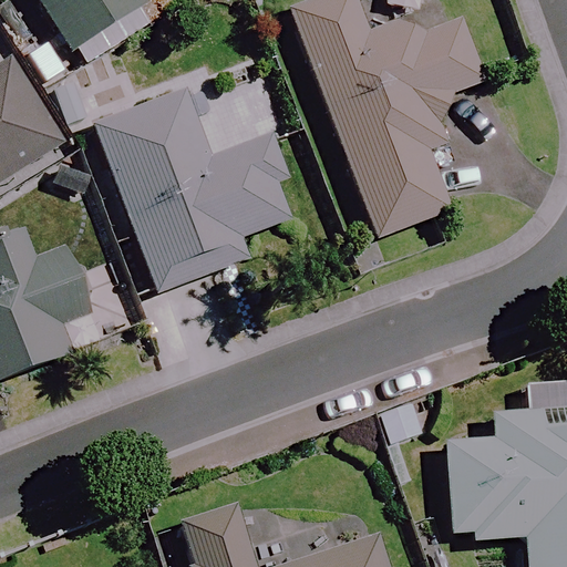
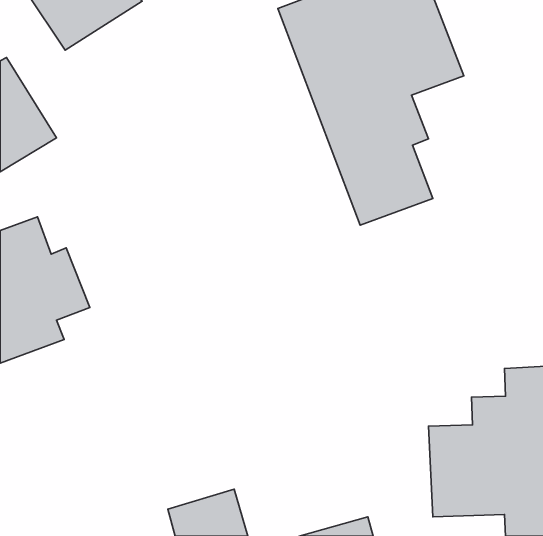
building: [99,92,291,291] -> none

